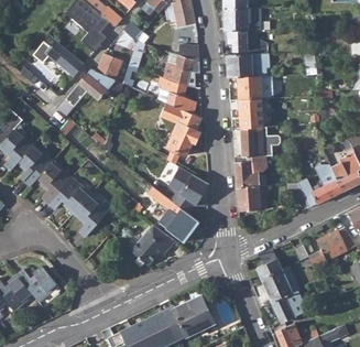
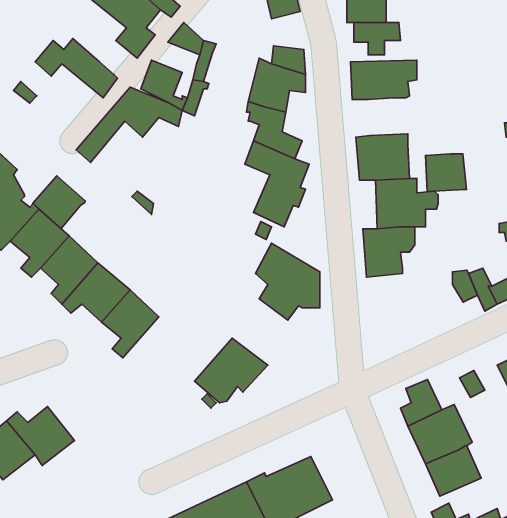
building: [238,76,263,99] -> [425,154,467,191]
building: none -> [33,176,85,229]
building: [237,184,268,210] -> none
building: [148,186,199,241] -> none

